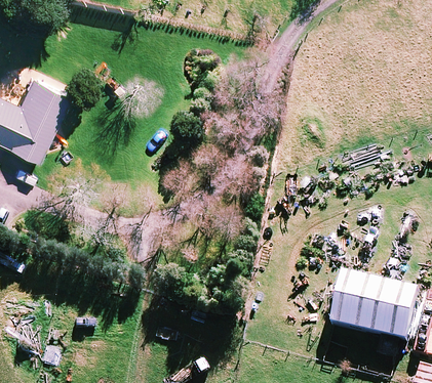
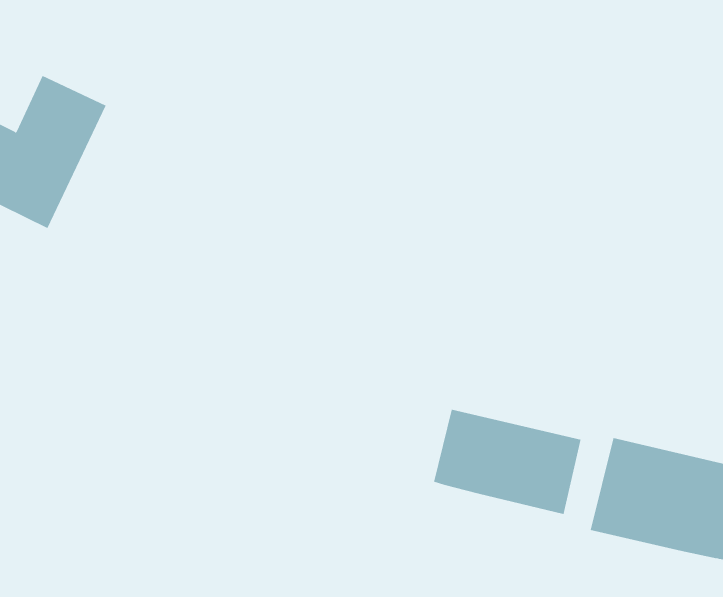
building: none -> [434,409,581,515]

